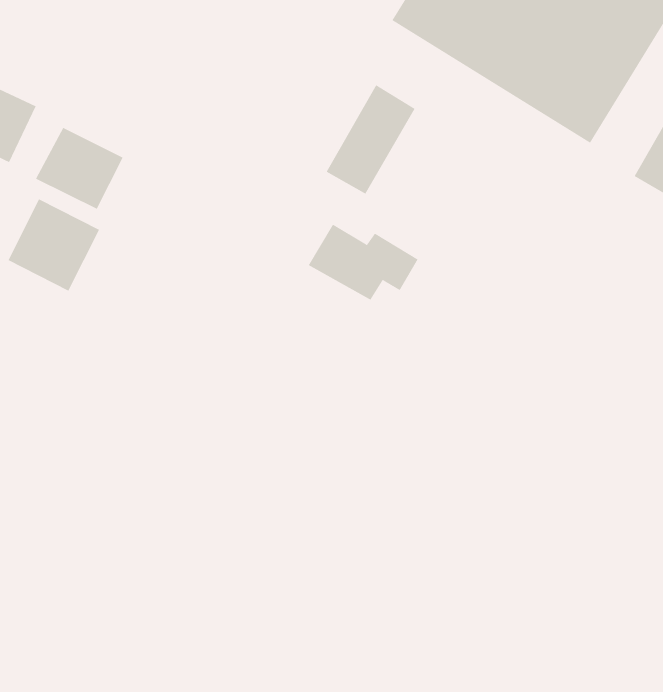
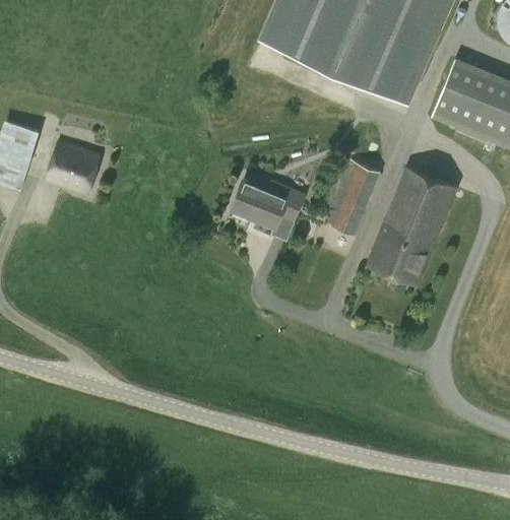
building: [326,85,416,195] -> [326,160,379,234]
building: [8,199,100,291] -> none
building: none -> [368,168,454,283]

